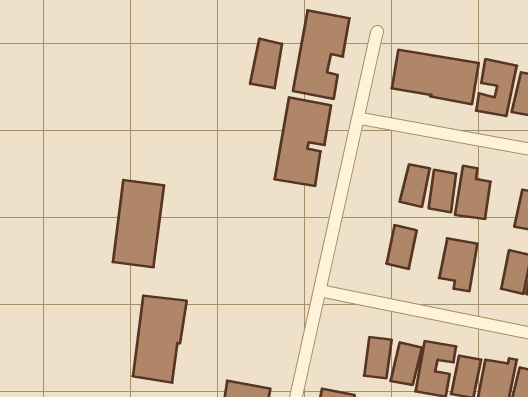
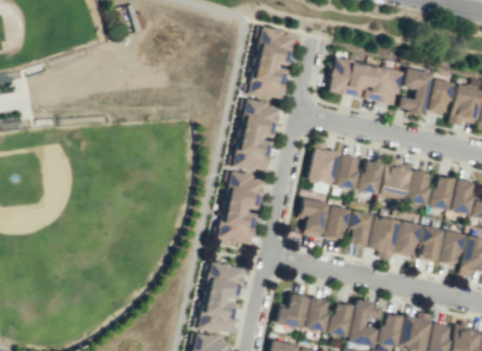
building: [250,39,282,88] -> none
building: none -> [309,141,341,185]
building: [113,180,164,267] -> [220,173,263,245]
building: none -> [408,171,433,205]
building: none -> [302,200,329,236]
building: none -> [350,212,372,246]
building: none -> [396,221,422,258]
building: [133,296,187,383] -> [201,263,245,335]
building: none -> [278,294,309,328]

